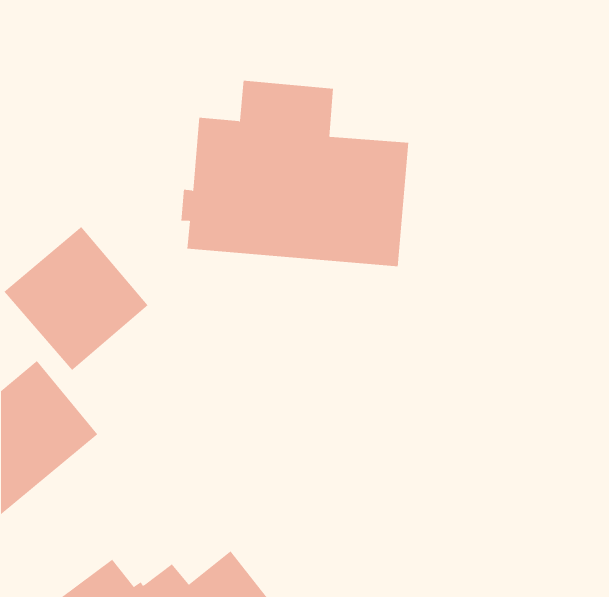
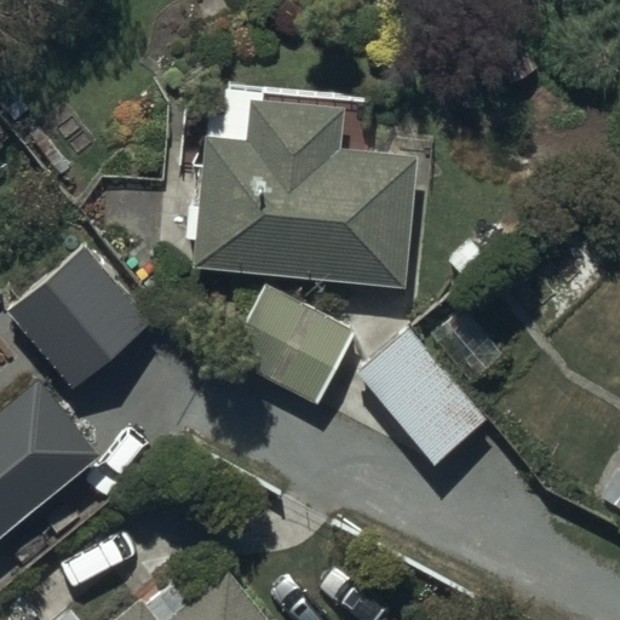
building: none -> [224,285,355,408]
building: none -> [357,331,487,465]

